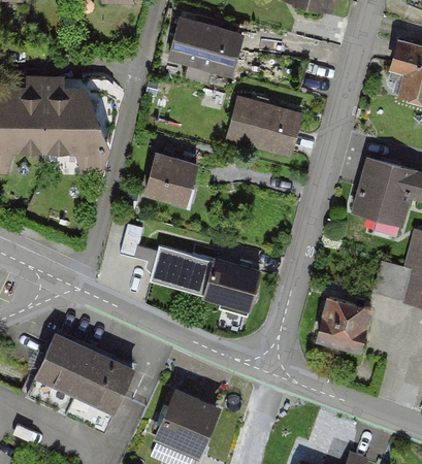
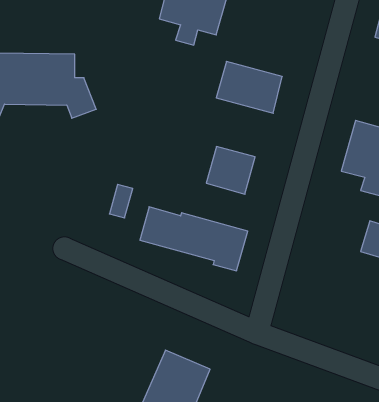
building: [147,153,196,201] -> [206,147,255,194]
building: [314,297,376,359] -> none
building: [27,324,132,417] -> none

